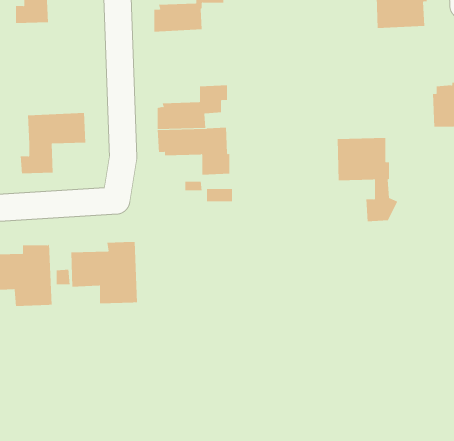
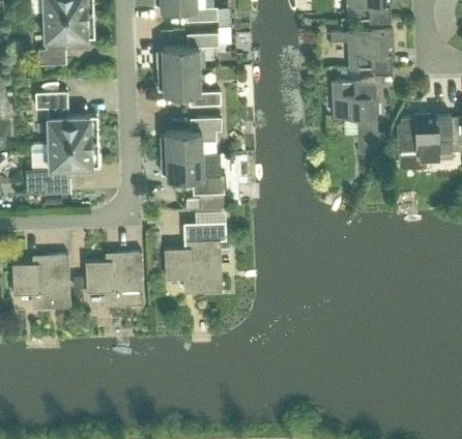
building: none -> [156,70,220,107]
building: none -> [34,92,97,144]
building: [337,138,398,222] -> [331,81,384,153]
building: none -> [164,223,226,293]

